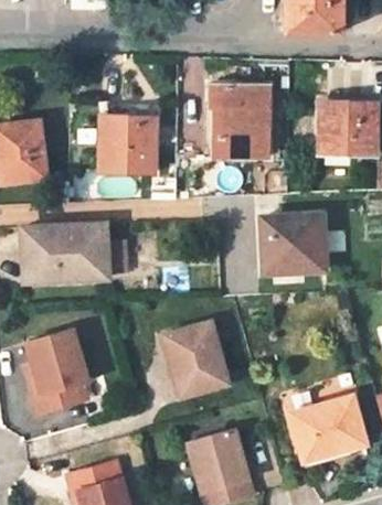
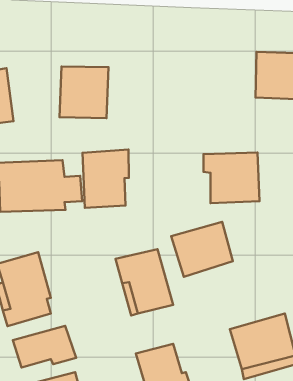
building: [206,80,269,154] -> none
building: none -> [83,150,129,208]
building: none -> [171,222,233,277]
building: none -> [13,326,76,367]

